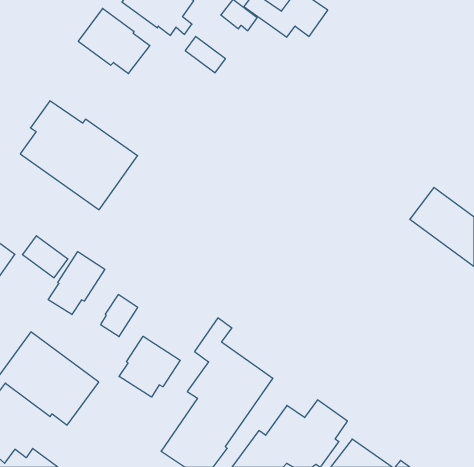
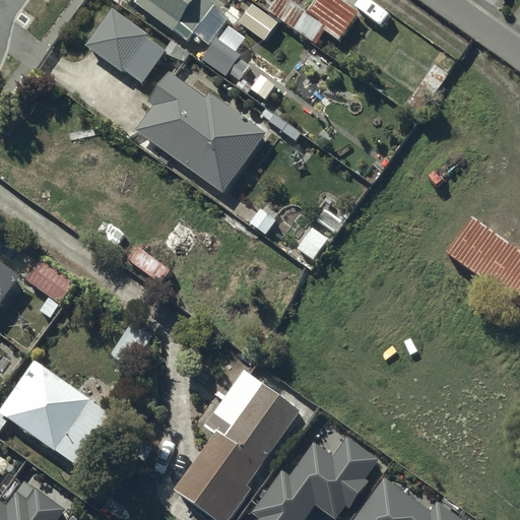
building: [20,101,138,210] -> [135,71,263,190]
building: [48,252,105,315] -> none
building: [119,336,180,397] -> none

